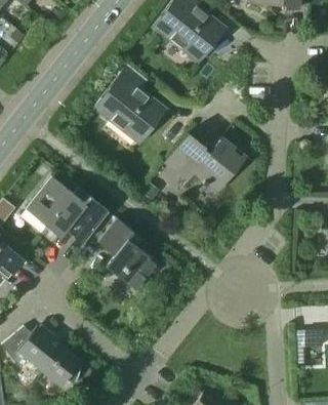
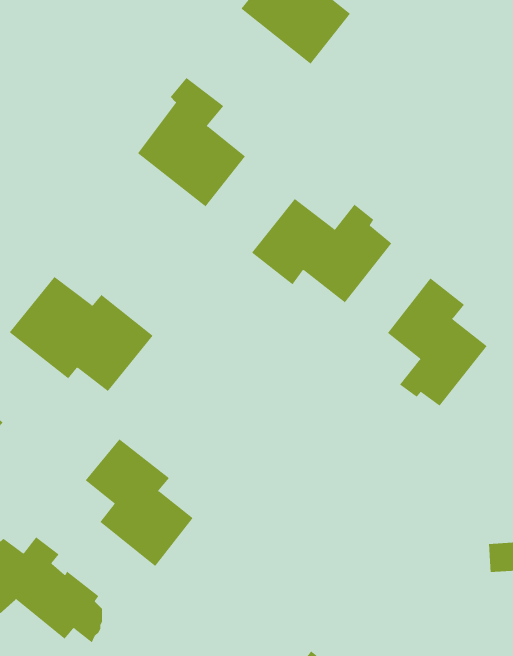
building: none -> [387,277,487,407]
building: [97,218,159,291] -> [85,438,193,567]

